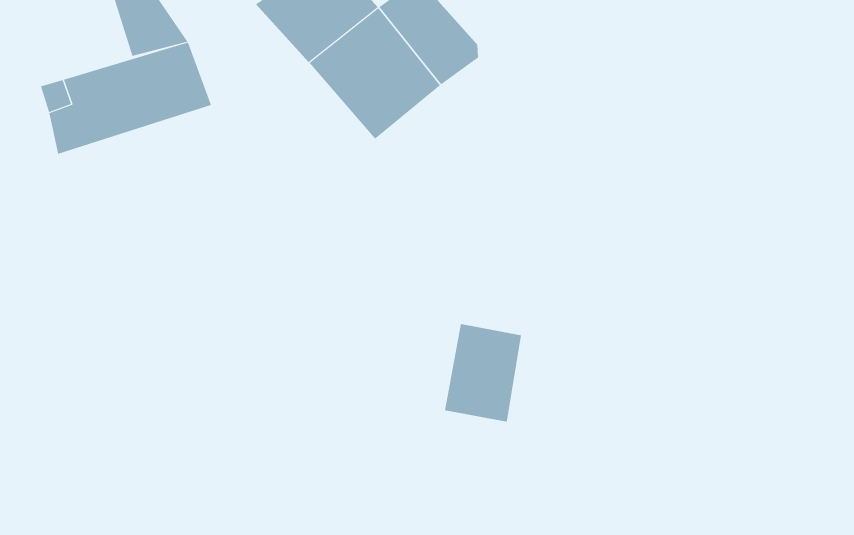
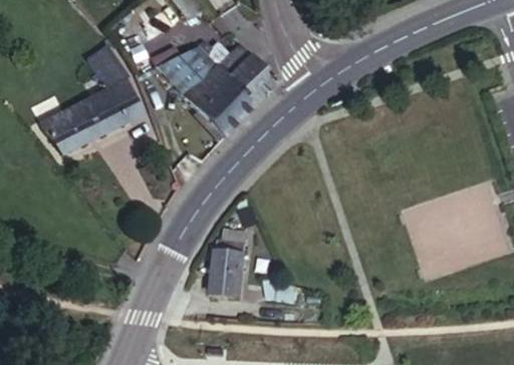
building: [444,323,522,422] -> [212,254,250,305]

